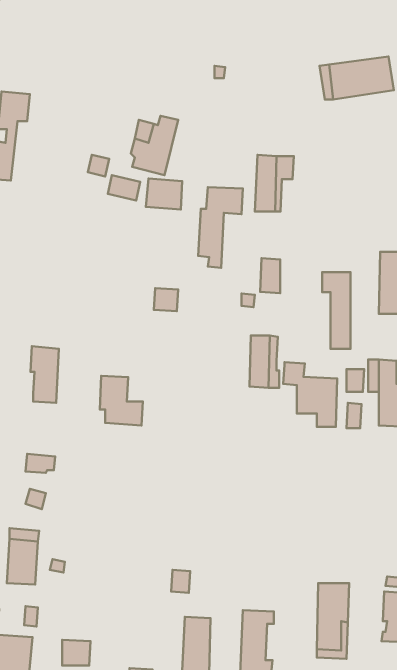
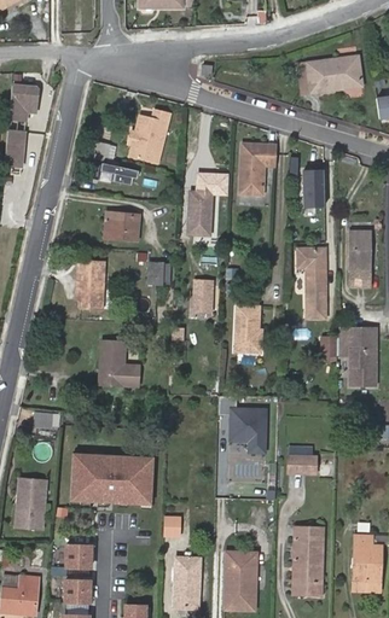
building: [146,178,182,209] -> [106,212,139,240]
building: none -> [304,170,325,206]
building: [260,258,280,293] -> [193,280,211,311]
building: [30,346,59,403] -> [77,258,103,309]
building: [283,362,337,427] -> [219,393,267,451]
building: none -> [71,453,155,502]
building: none -> [288,454,318,474]
building: none -> [68,543,93,566]

